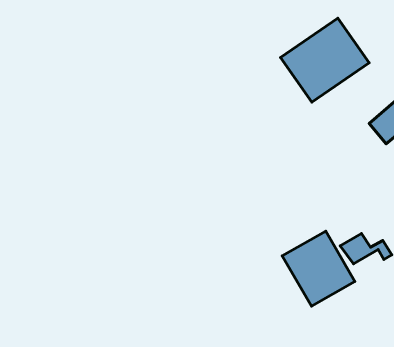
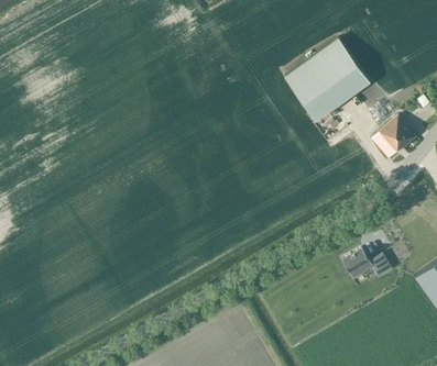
building: [282,231,355,306] -> none

